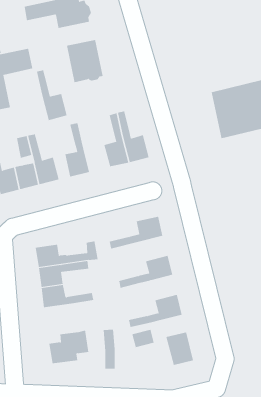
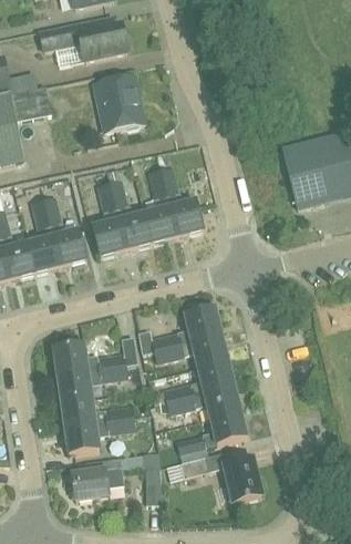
building: [36,70,68,121] -> [110,182,151,248]
building: none -> [152,331,227,365]
building: none -> [164,382,239,415]
building: none -> [64,415,132,452]

